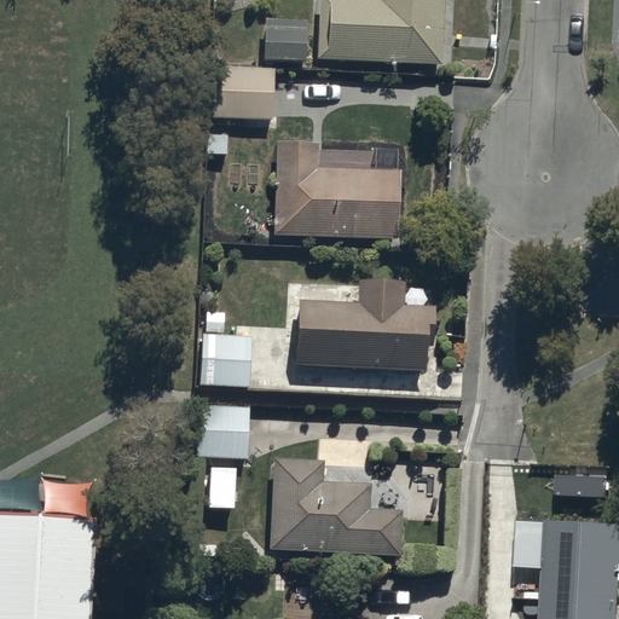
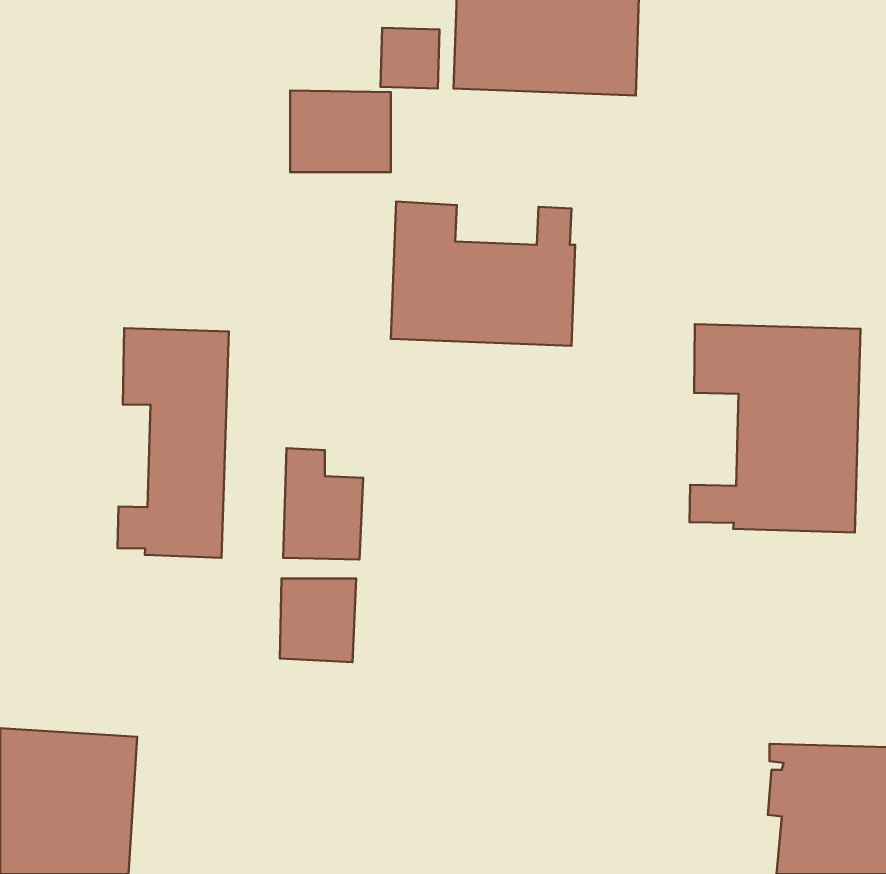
building: none -> [690,324,861,533]
building: none -> [118,328,229,558]
building: [297,283,436,369] -> none
building: [271,457,403,554] -> none

